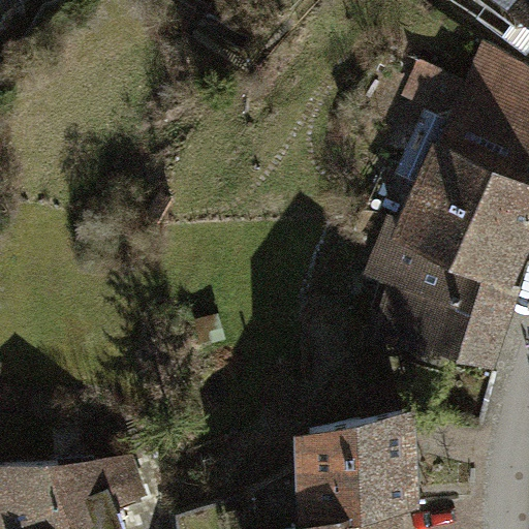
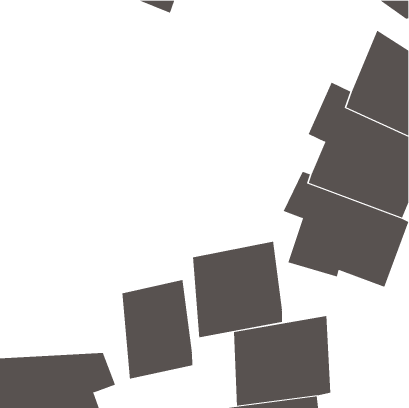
building: none -> [193,241,282,338]
building: none -> [122,279,193,380]

